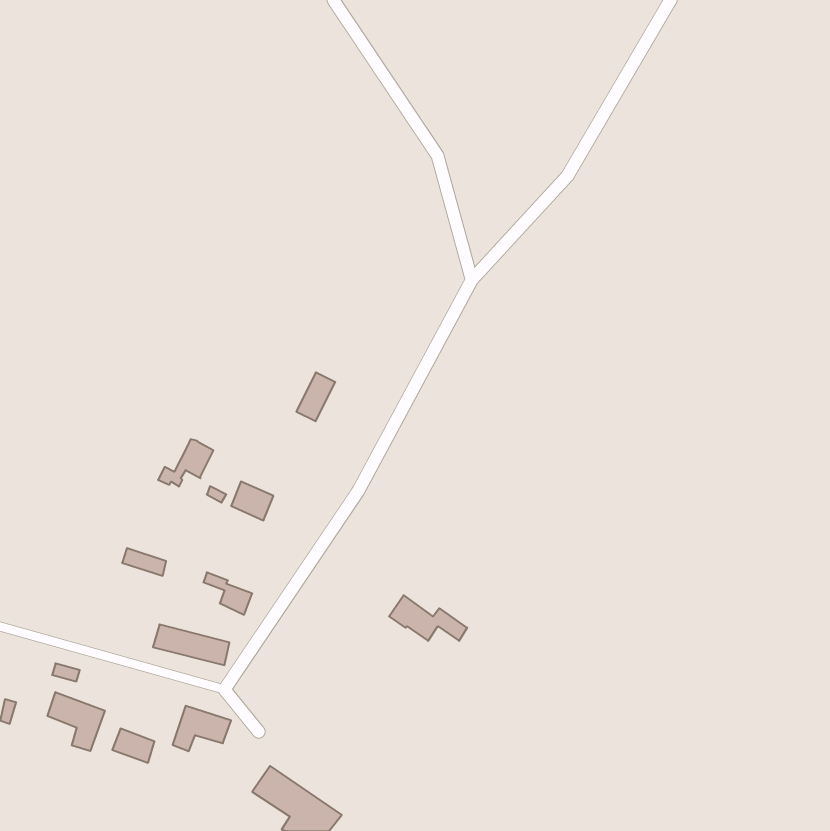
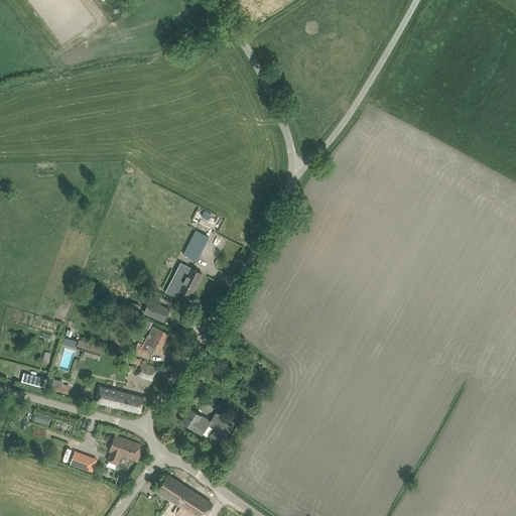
building: none -> [166,263,202,297]
building: [158,439,213,486] -> [133,327,167,356]
building: [389,595,467,641] -> [181,408,230,436]
building: [47,692,105,751] -> none

